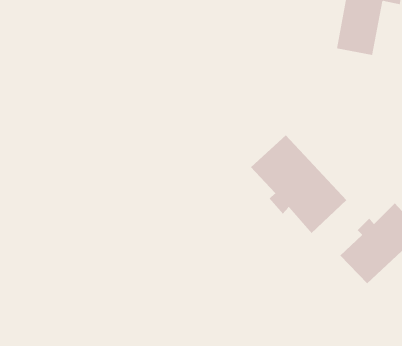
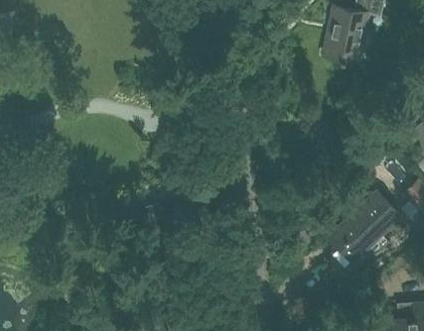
building: [250,135,347,234] -> none

